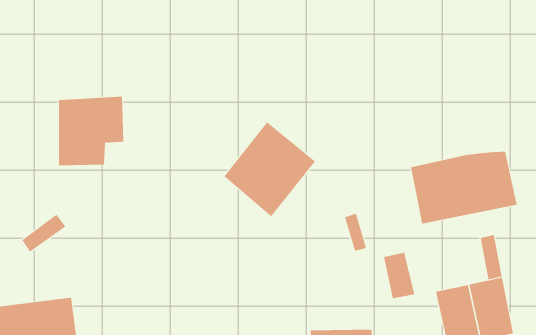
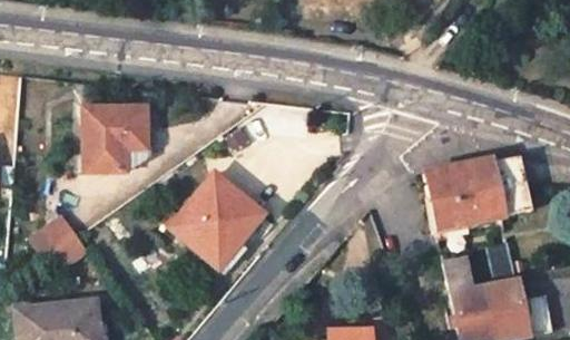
building: [224,121,316,217] -> [171,175,262,269]
building: [383,252,415,299] -> [442,249,473,294]

